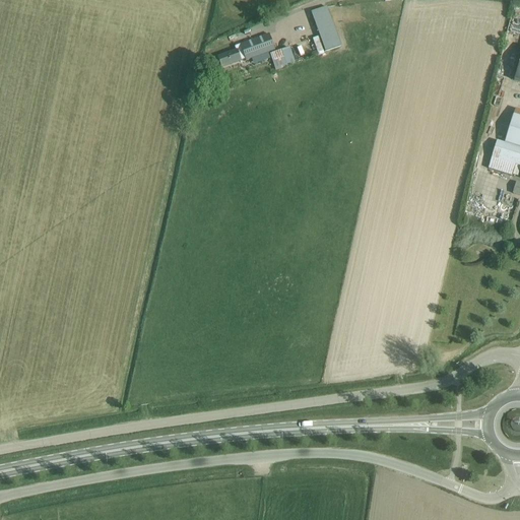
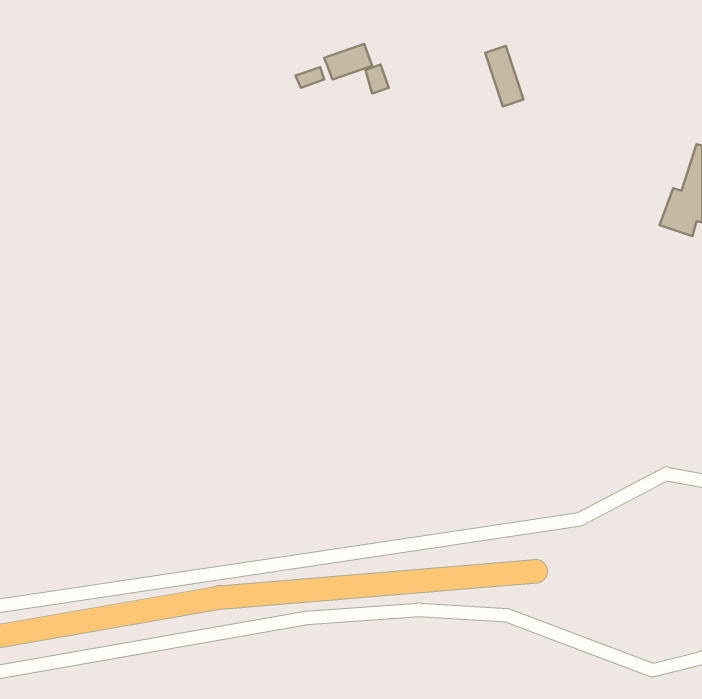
building: [312,5,340,50] -> [485,46,524,106]

